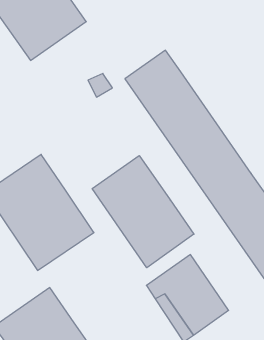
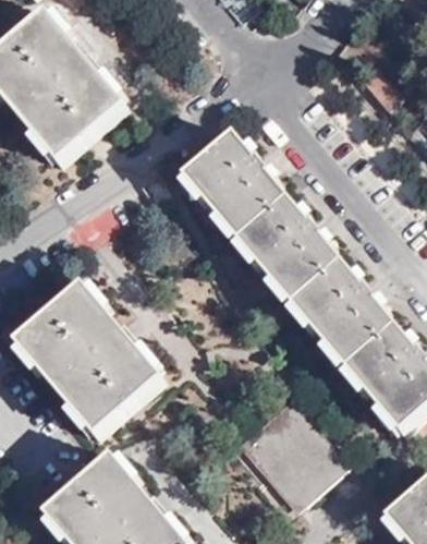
building: [92,156,194,268] -> none

